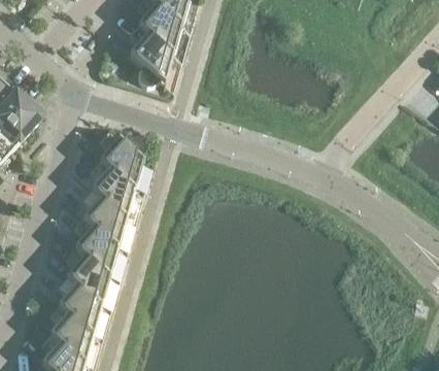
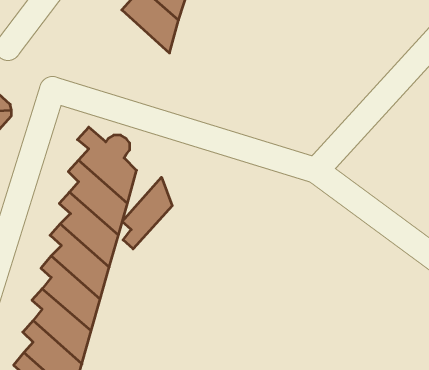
building: [127,24,179,94] -> none
building: none -> [122,177,172,249]

